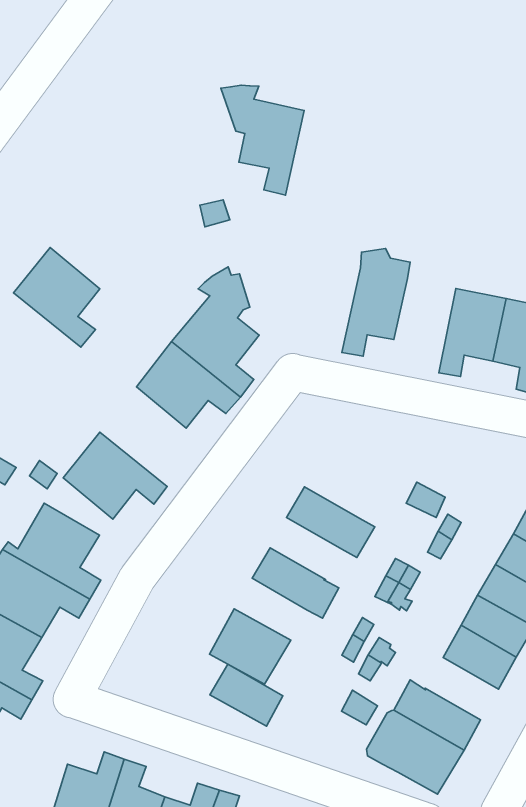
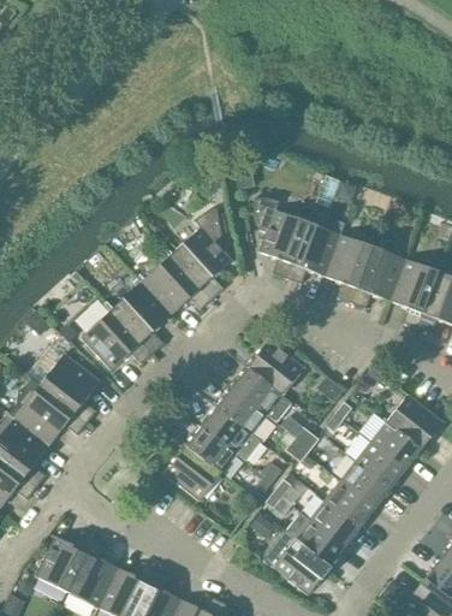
building: [221,85,304,195] -> [252,199,308,279]
building: [13,247,100,347] -> [111,282,171,354]
building: none -> [323,235,371,303]
building: none -> [246,339,304,396]
building: none -> [216,387,266,434]
building: none -> [309,500,359,547]
building: [210,664,283,726] -> [185,426,236,473]

